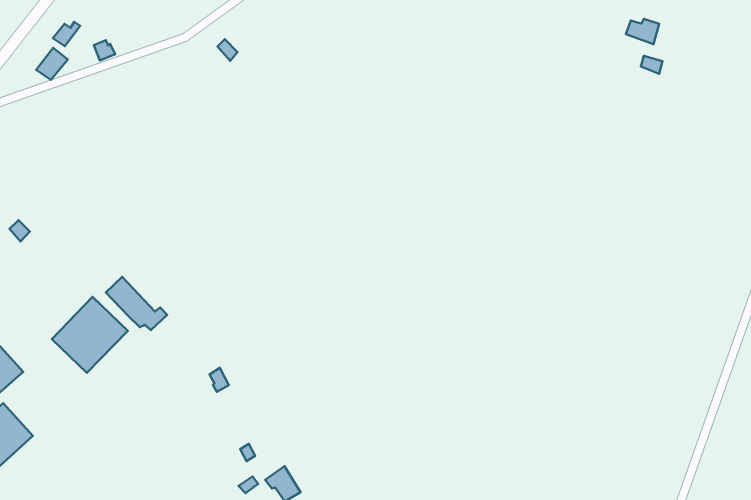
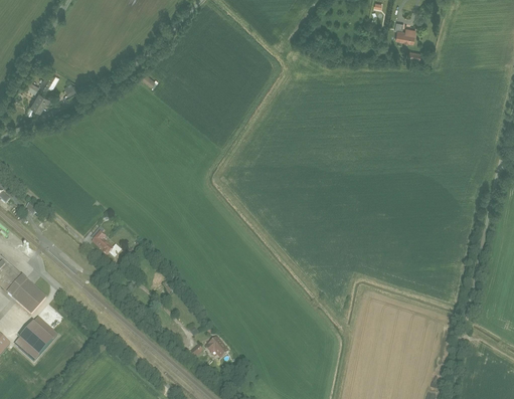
building: [52,297,128,373] -> none

